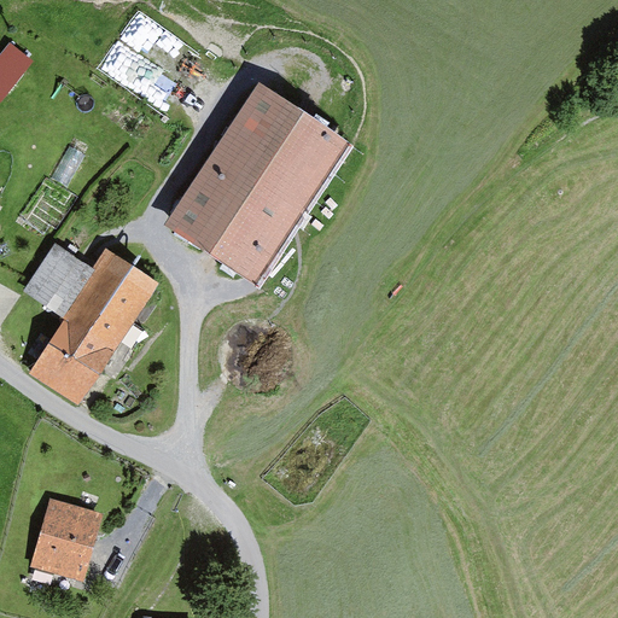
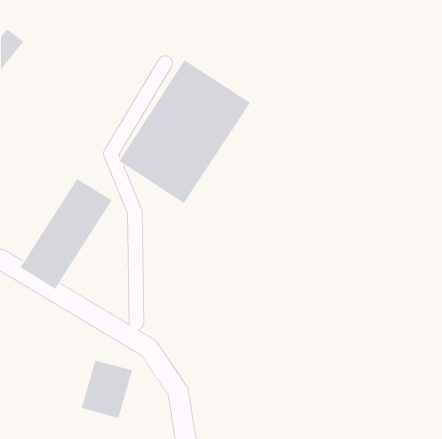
building: [23,241,95,316] -> none
building: [31,496,104,578] -> [81,360,133,419]

